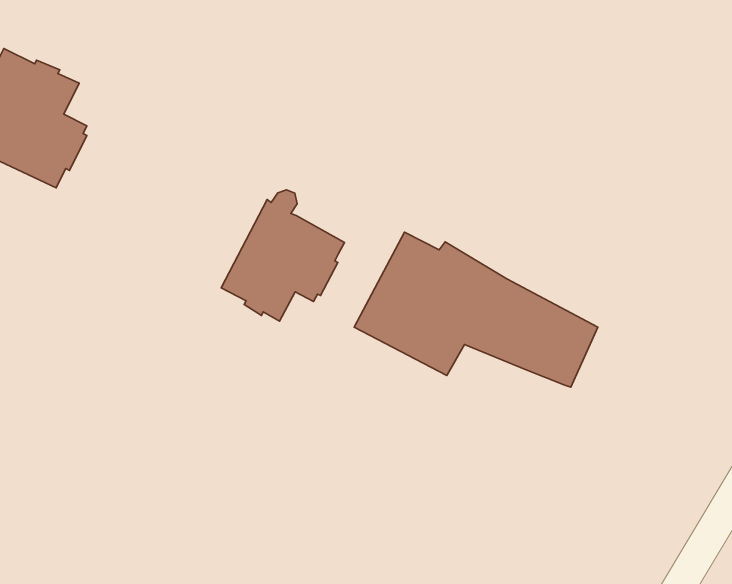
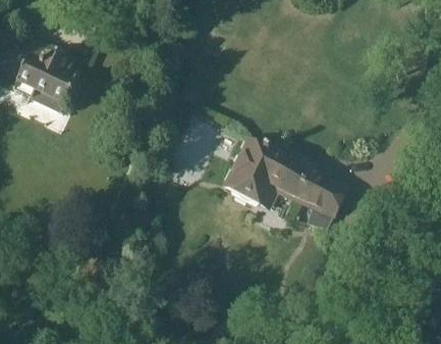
building: [221,190,344,321] -> none

